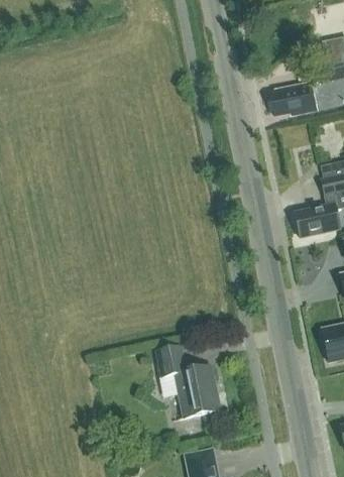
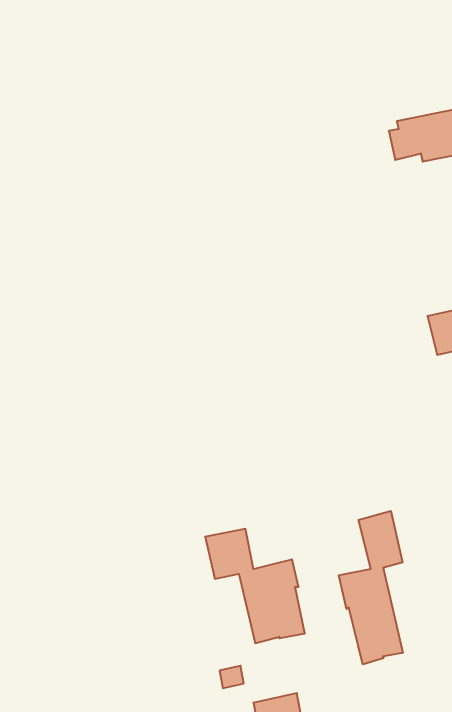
building: none -> [339,511,403,664]

